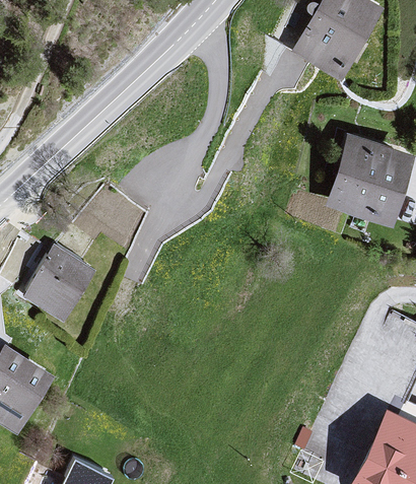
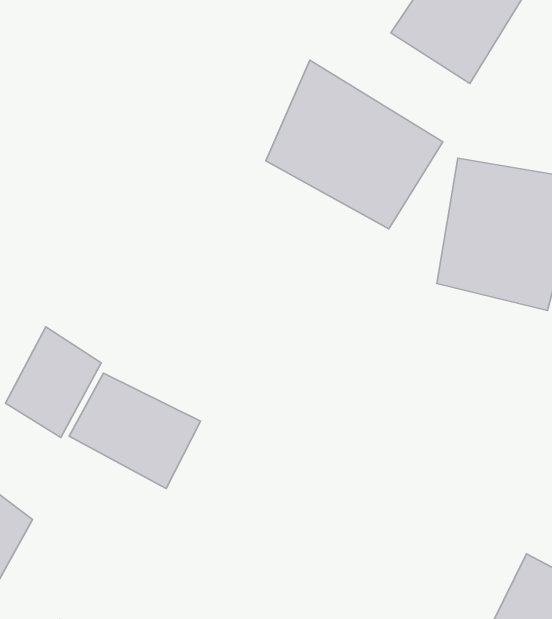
building: none -> [266,60,443,229]
building: none -> [69,373,201,489]

